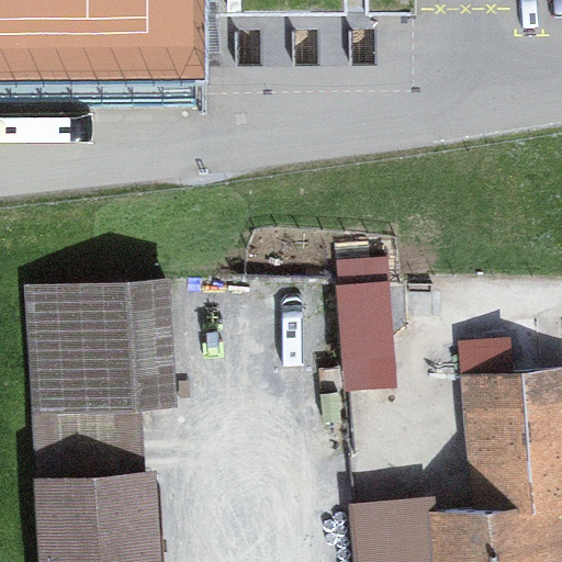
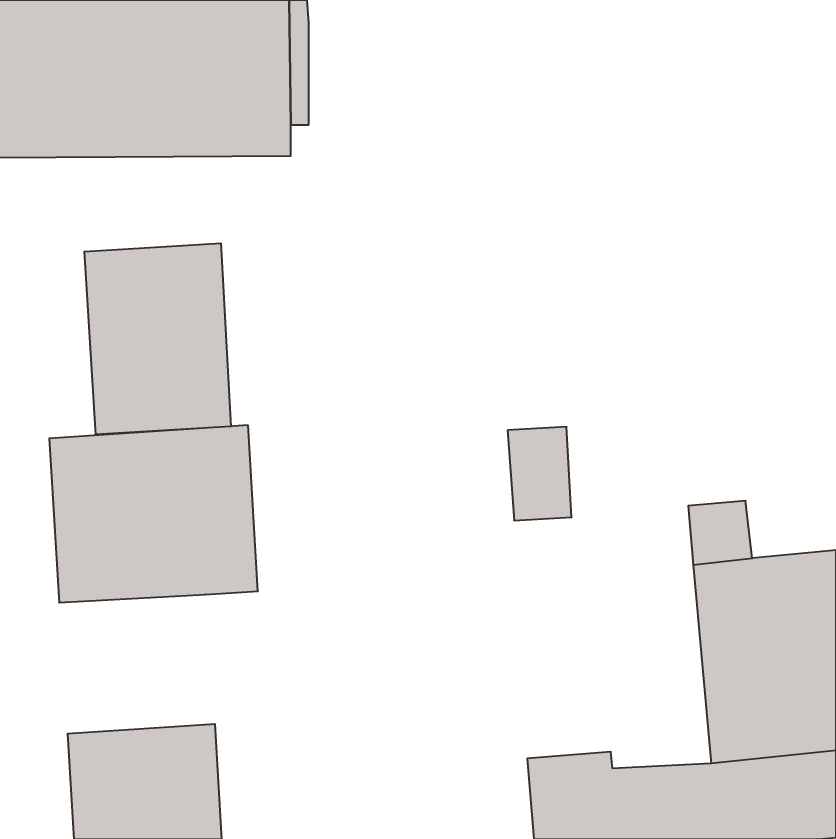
building: none -> [85,243,231,434]
building: [40,397,144,491] -> none

